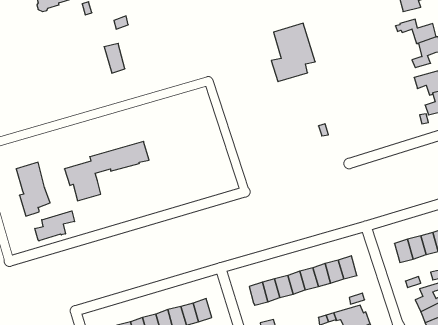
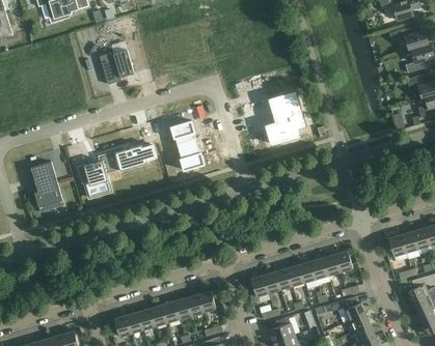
building: [271,23,315,82] -> [266,90,307,145]
building: none -> [100,52,121,84]
building: none -> [171,120,205,170]
building: [35,211,75,241] -> none

